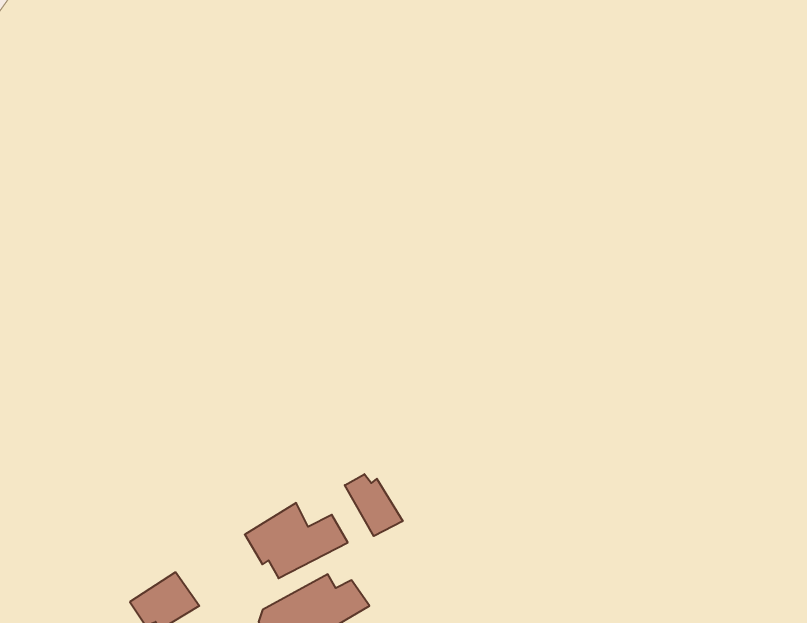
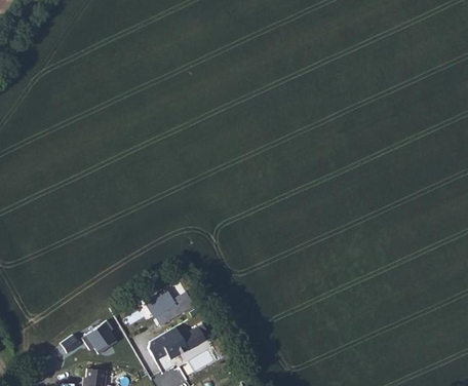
building: [345,474,403,536] -> none

